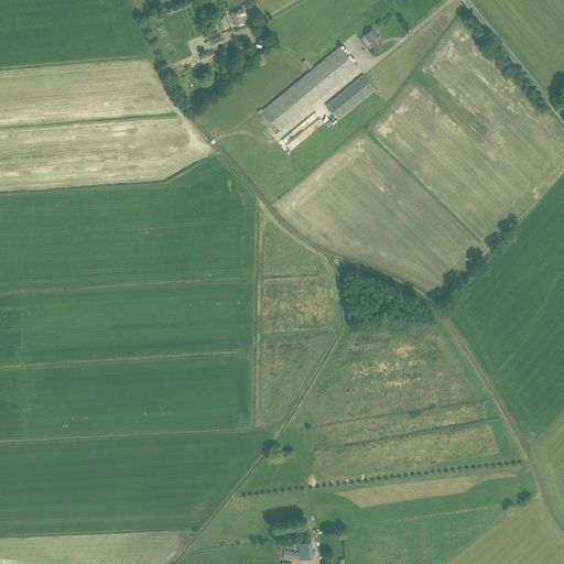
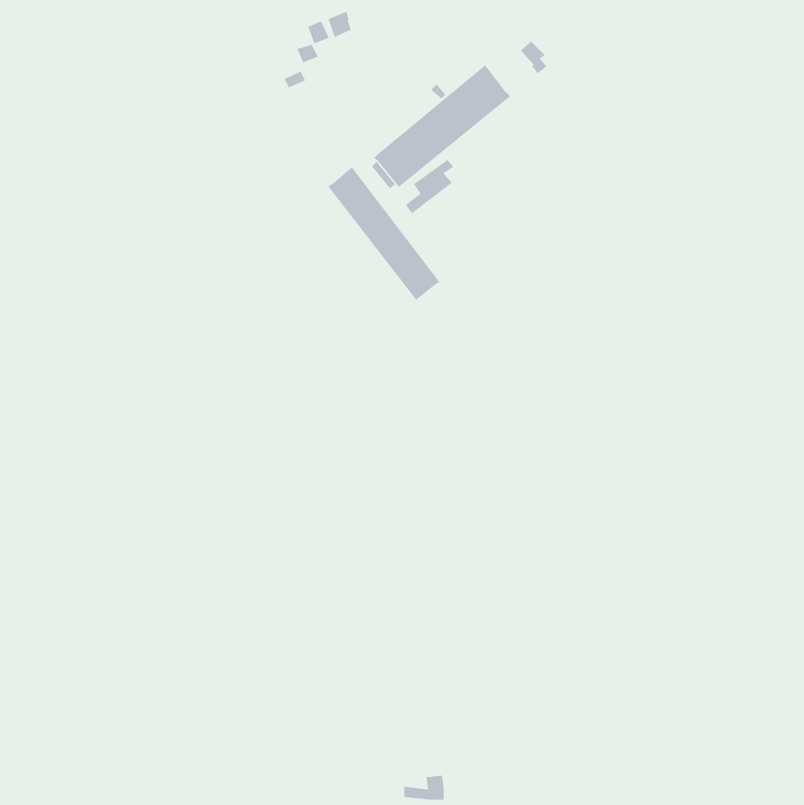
building: [325,74,375,119] -> none
building: none -> [327,167,440,300]

